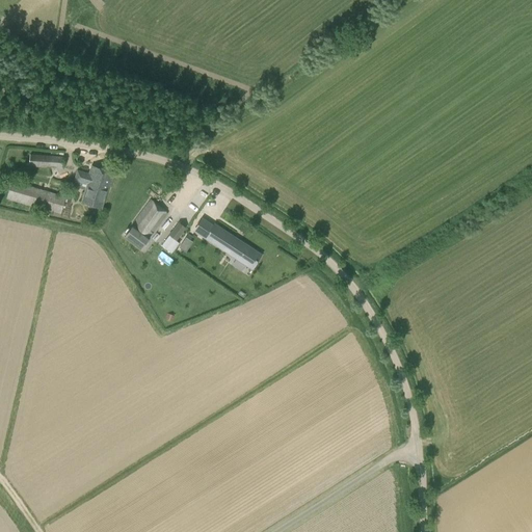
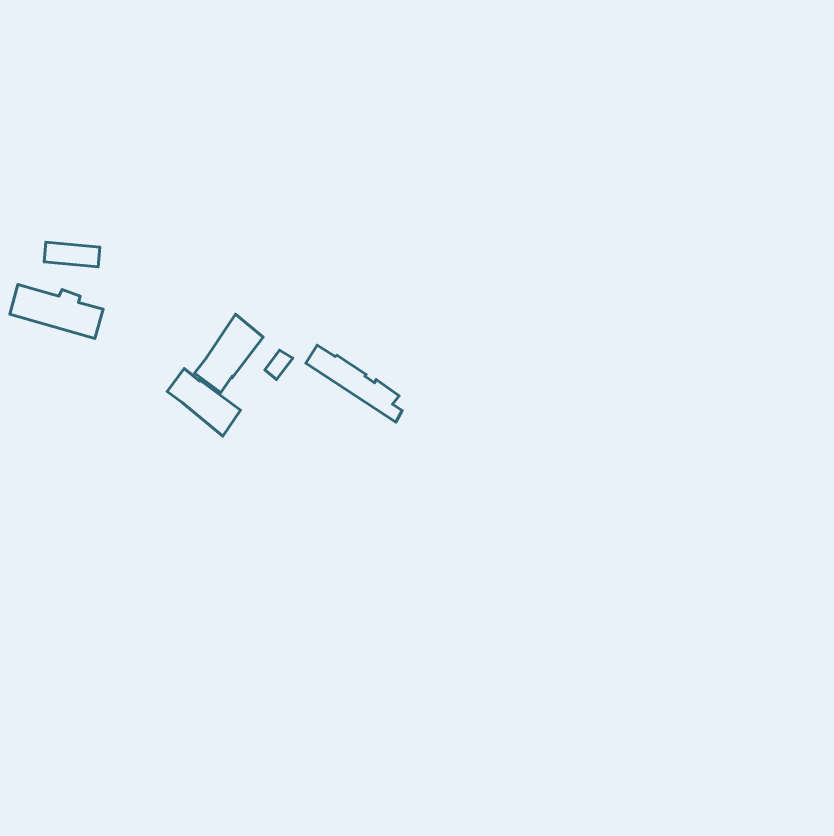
building: [75,165,115,208] -> none
building: none -> [167,369,240,436]

